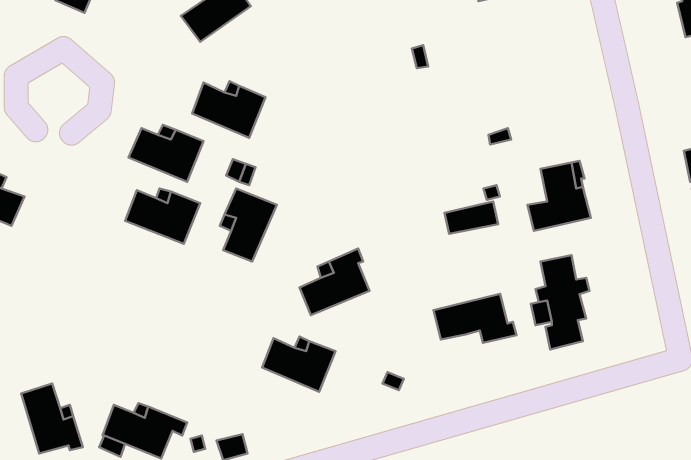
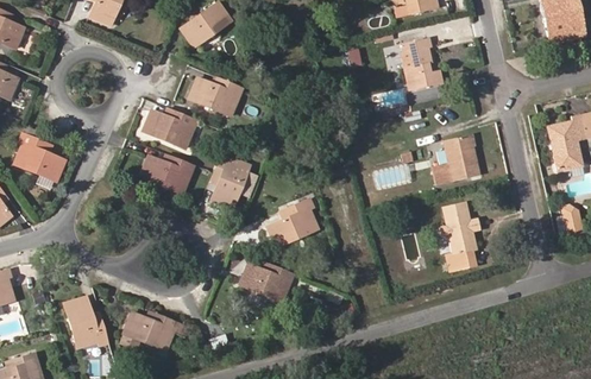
building: none -> [400,37,441,90]
building: [434,294,517,343] -> none

